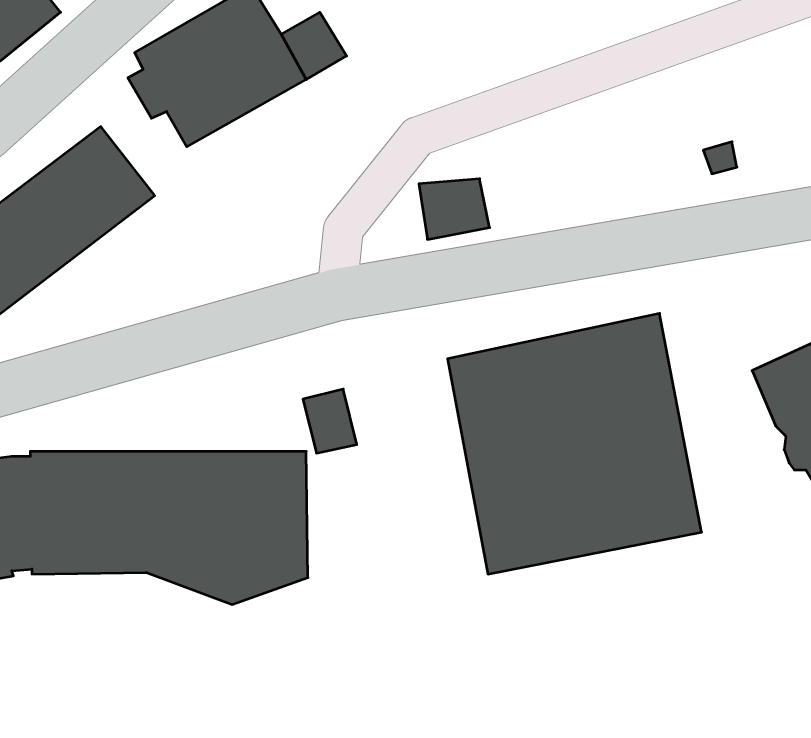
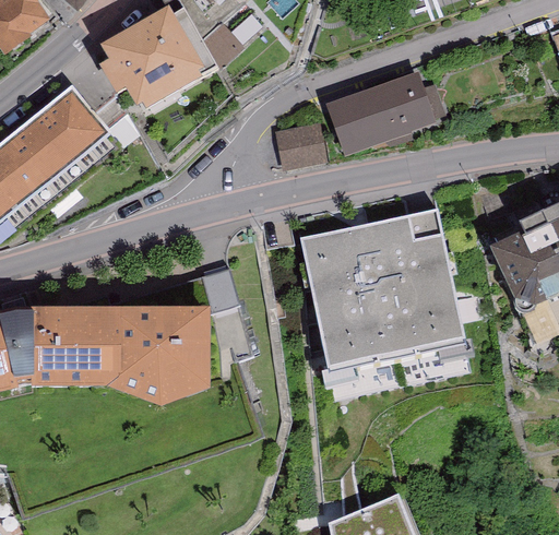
building: none -> [334,76,436,143]

